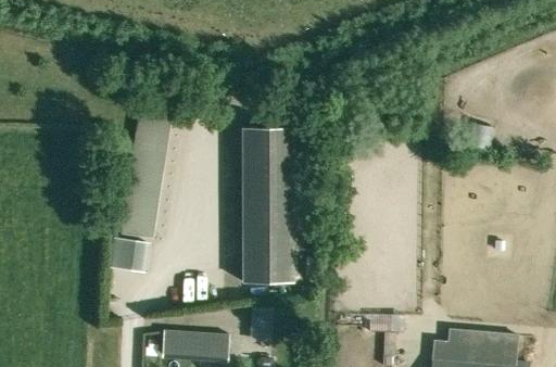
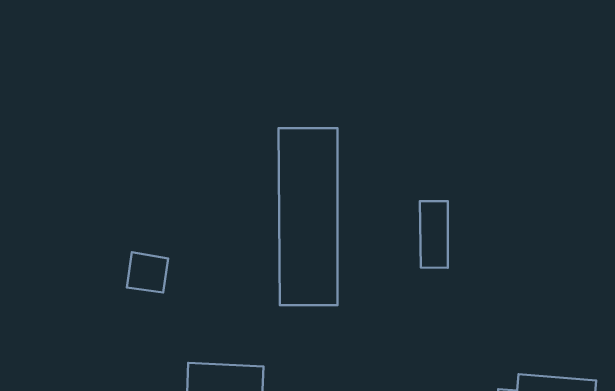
building: [116,100,166,230] -> none
building: none -> [420,201,448,268]

